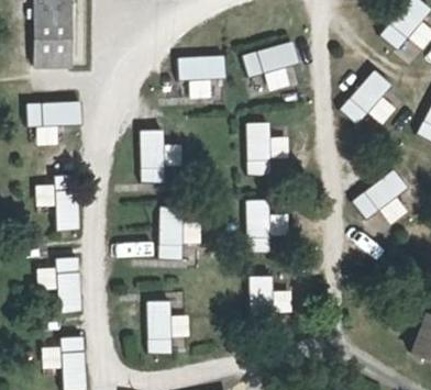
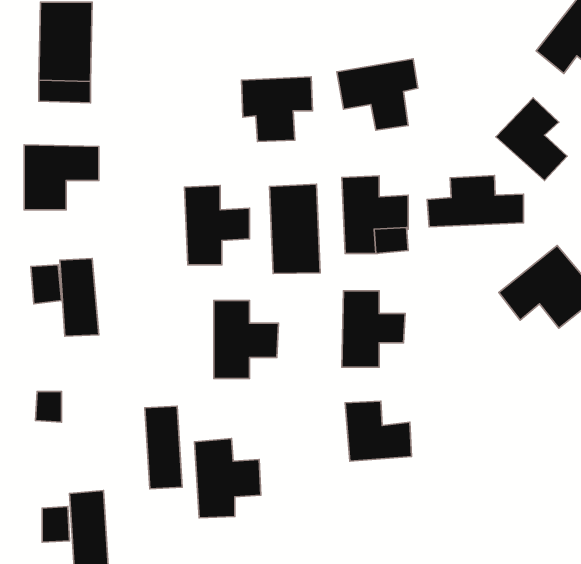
building: none -> [427,175,523,227]
building: none -> [270,184,320,274]
building: [56,257,81,313] -> [145,406,182,489]

